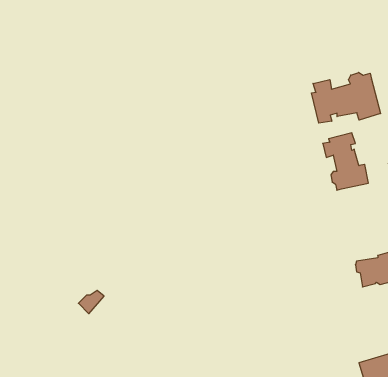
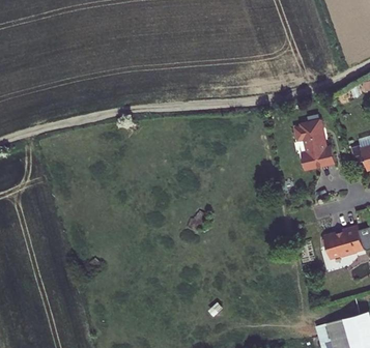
building: [312,72,381,123] -> none

